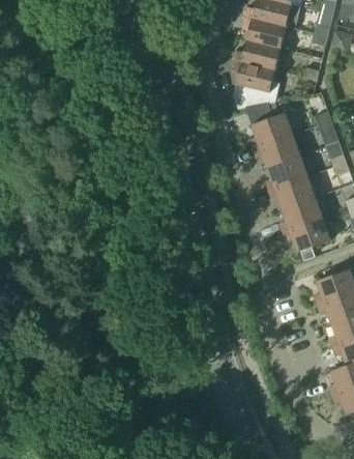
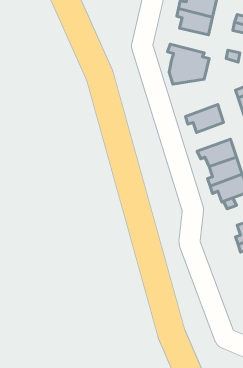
building: [234,40,281,70] -> none
building: [248,112,292,148] -> none
building: [264,155,307,191] -> none

